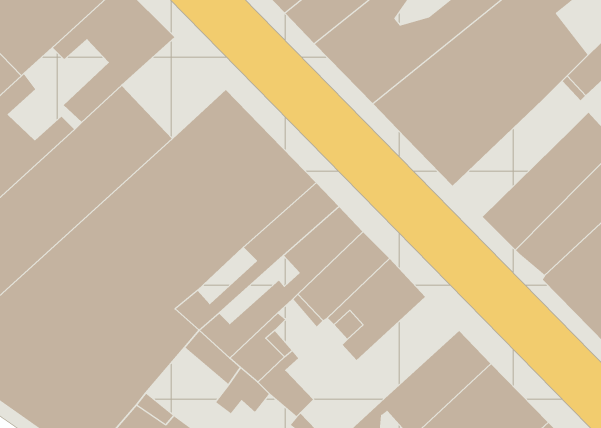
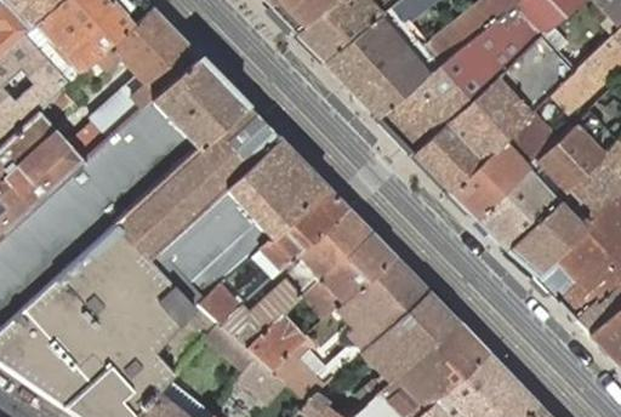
building: none -> [148,53,243,145]
building: none -> [449,110,557,217]
building: none -> [358,290,455,382]

